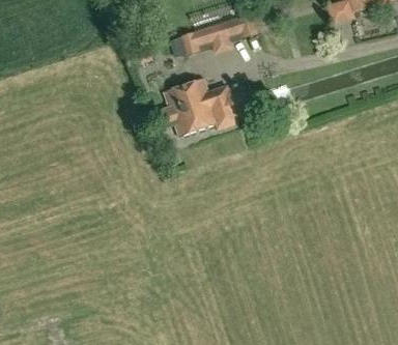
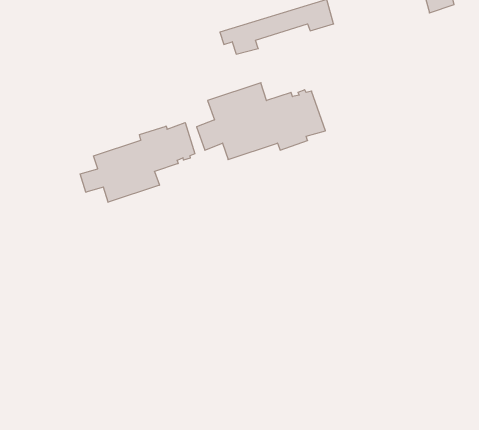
building: none -> [80,123,195,202]

